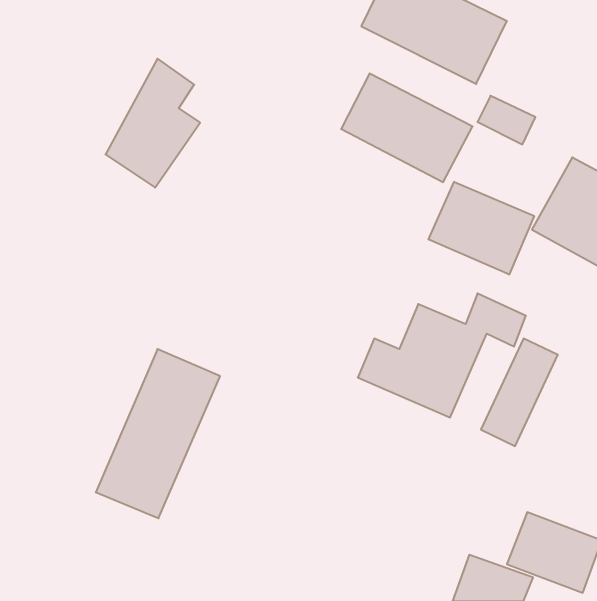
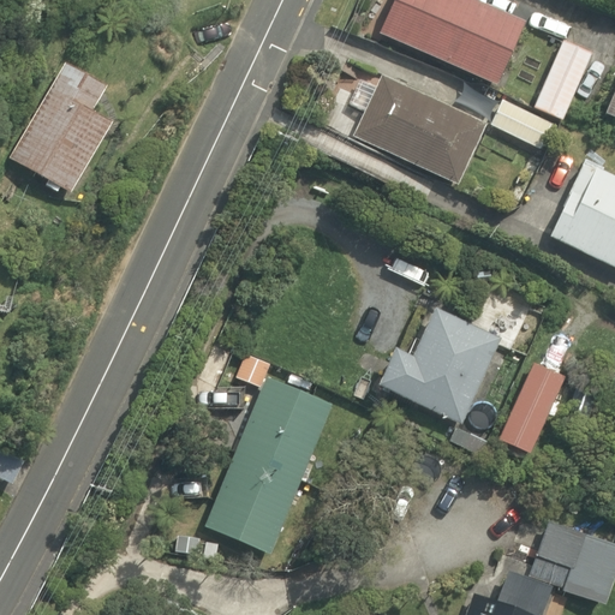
building: none -> [532,37,595,118]
building: [105,59,200,188] -> [16,61,112,192]
building: [429,182,534,275] -> none
building: [96,349,220,518] -> [209,376,335,548]

